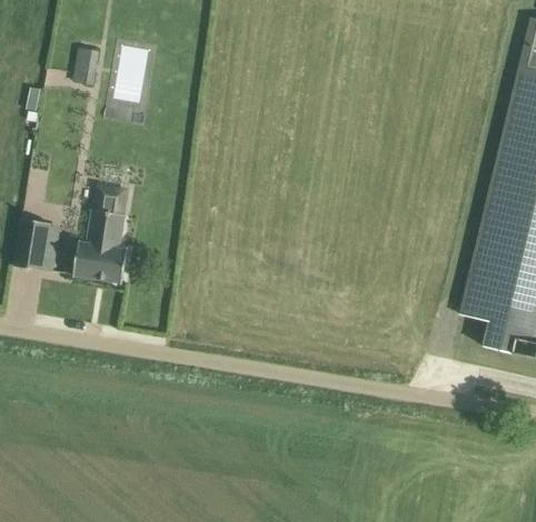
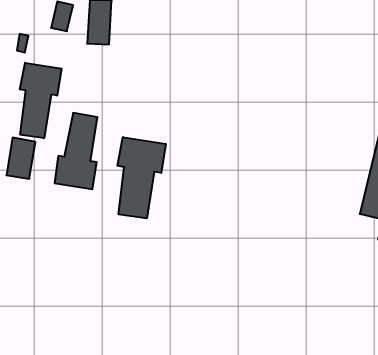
building: none -> [20,63,62,138]
building: none -> [117,137,166,218]

